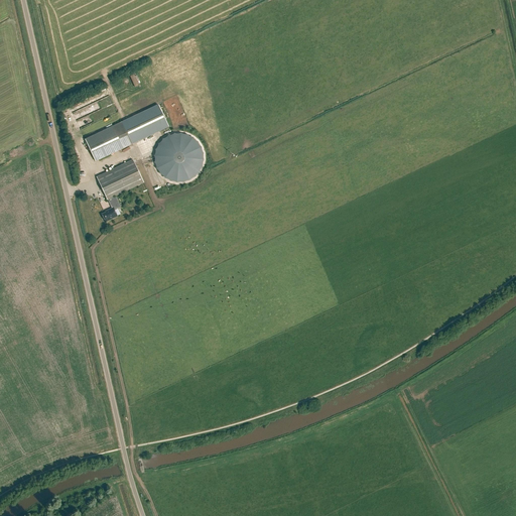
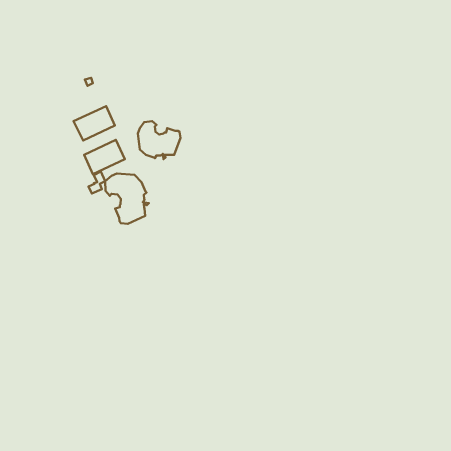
building: [121,104,167,143] -> none
building: none -> [105,173,149,224]

